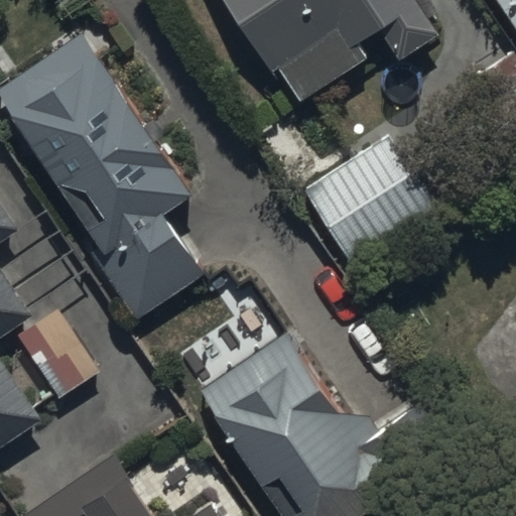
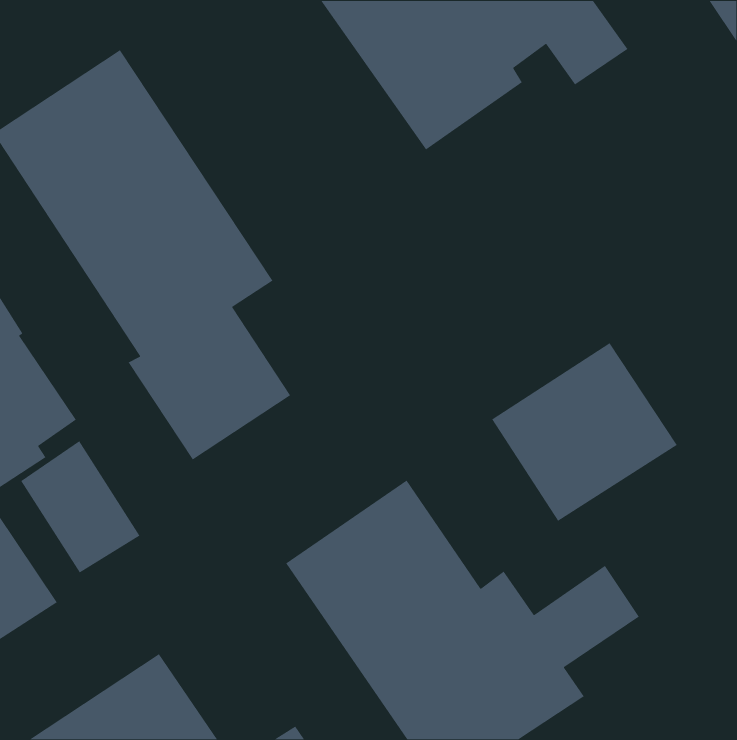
building: [302,138,432,263] -> [491,342,678,522]

